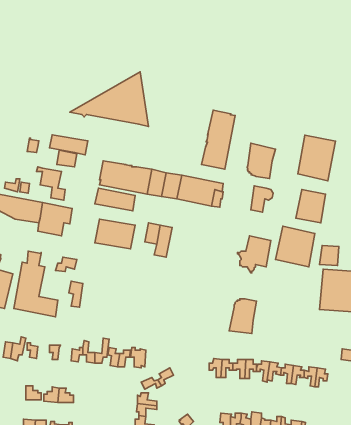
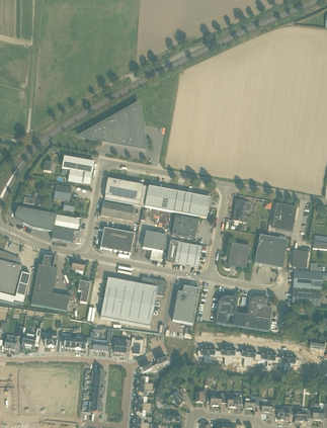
building: [202,110,235,169] -> none
building: [298,135,336,181] -> none
building: [247,143,275,178] -> none
building: none -> [171,215,197,237]
building: none -> [165,239,200,265]
building: none -> [99,275,165,325]
building: none -> [171,285,198,323]
building: none -> [233,295,271,330]

